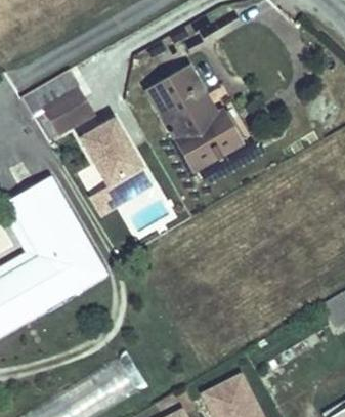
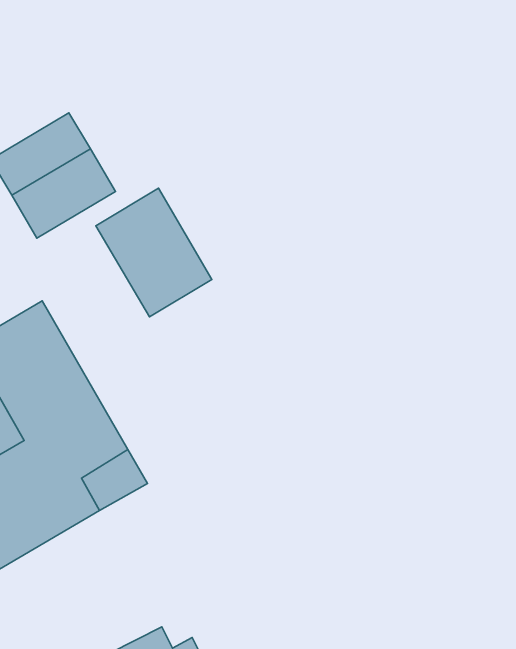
building: [146,59,248,169] -> none

